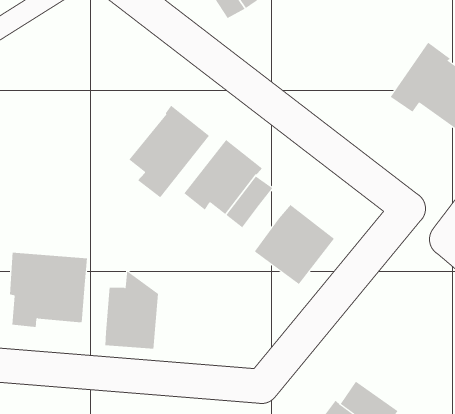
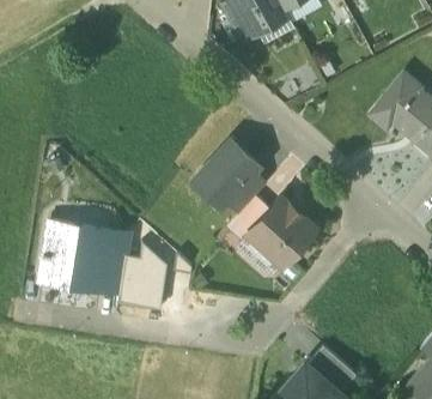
building: [129,105,210,198] -> none
building: none -> [227,197,270,242]
building: none -> [101,252,127,292]

